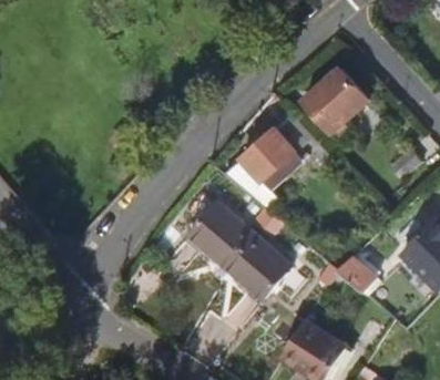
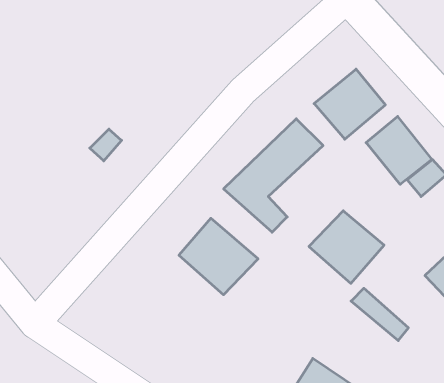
building: none -> [366,116,432,184]
building: [226,235,291,298] -> [309,211,384,283]

